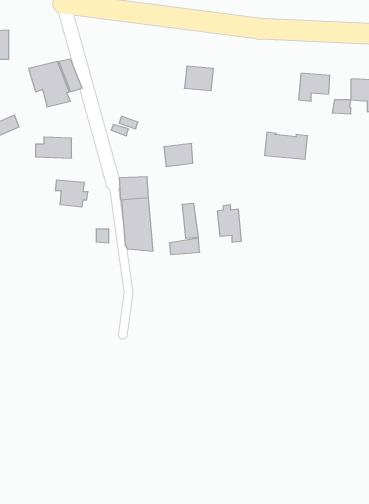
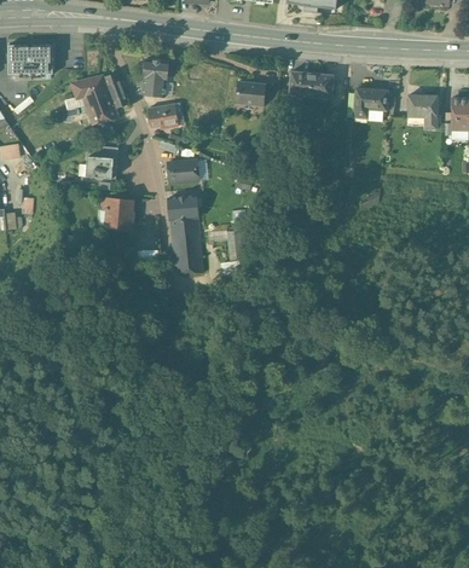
building: none -> [141,59,169,97]
building: none -> [147,104,179,128]
building: [265,132,308,159] -> [289,71,334,99]
building: [164,143,193,167] -> [168,160,198,184]
building: [218,205,241,242] -> none

